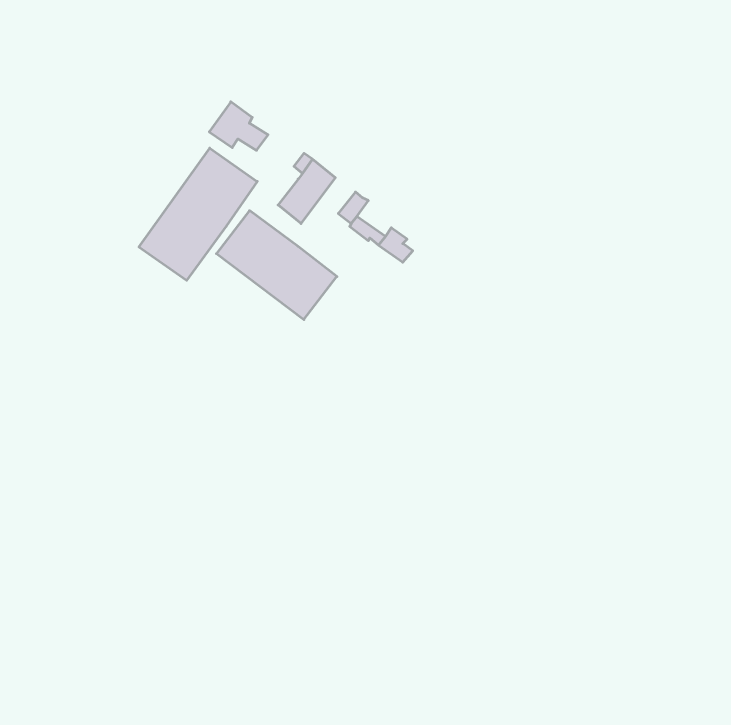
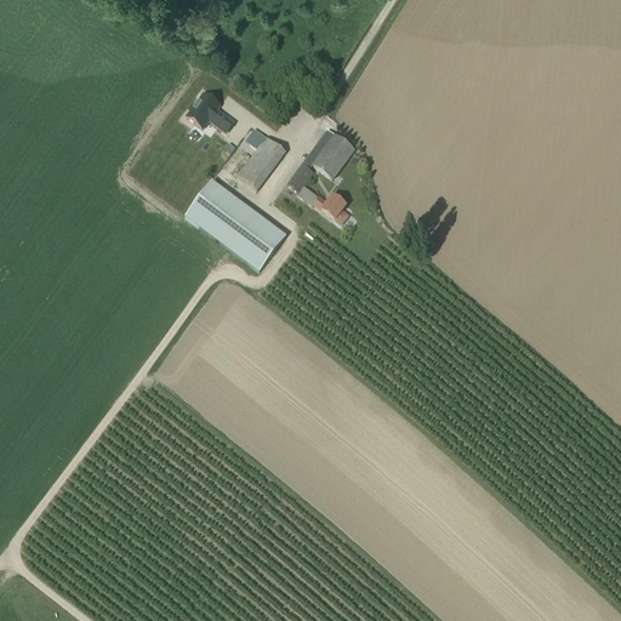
building: [139,148,257,280] -> none
building: none -> [312,127,354,177]

